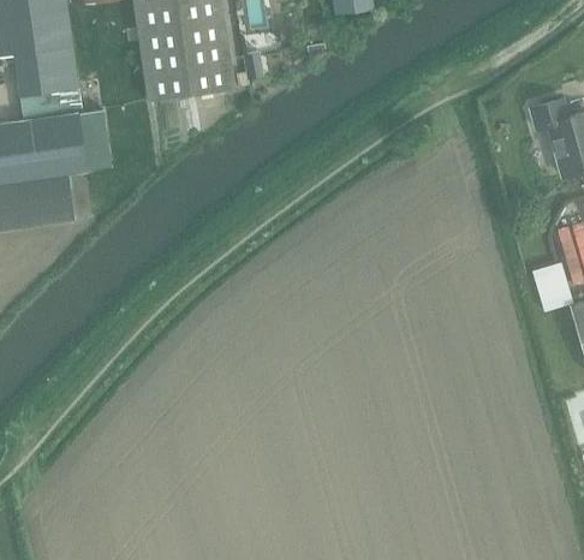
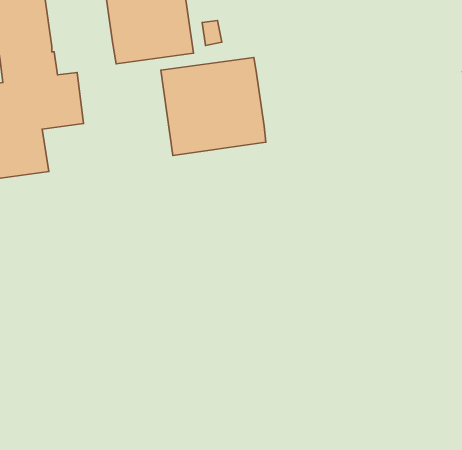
building: none -> [161,57,266,155]

